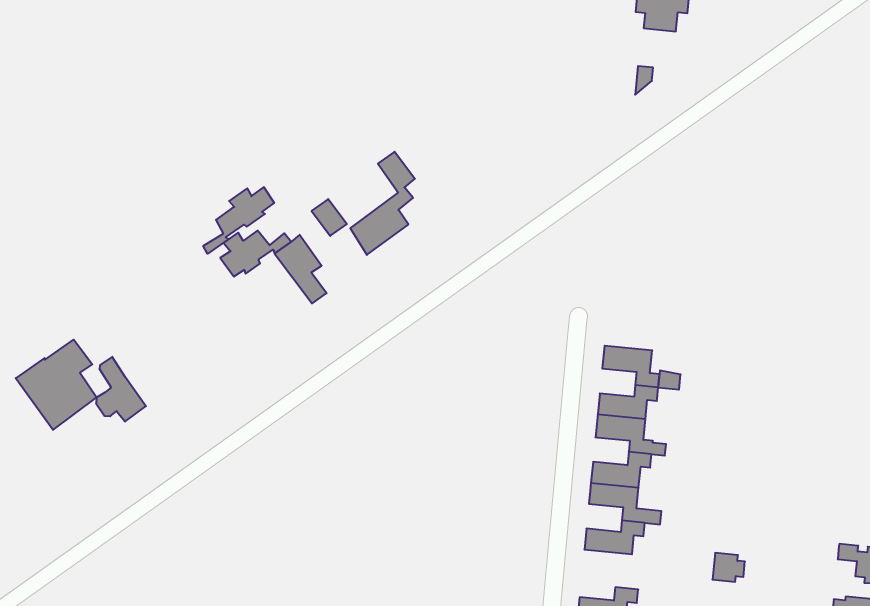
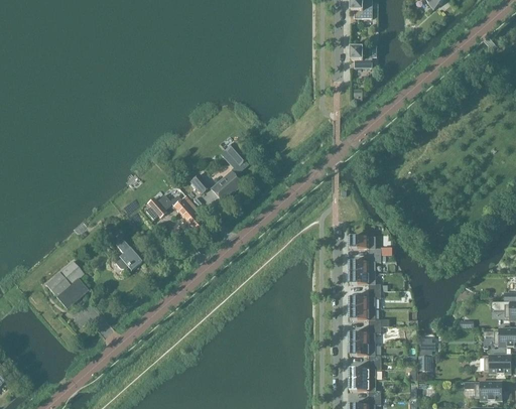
building: [203,187,274,254] -> none
building: [96,357,146,422] -> [115,237,141,270]
building: none -> [351,344,381,362]

